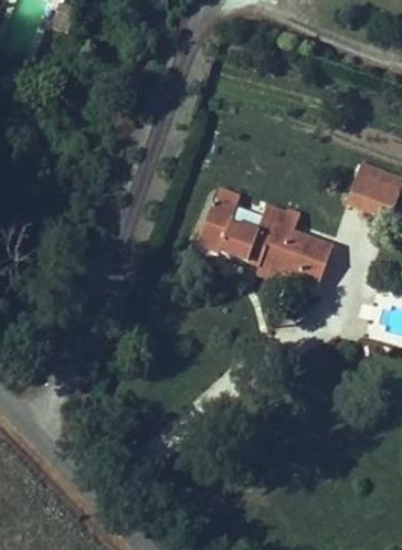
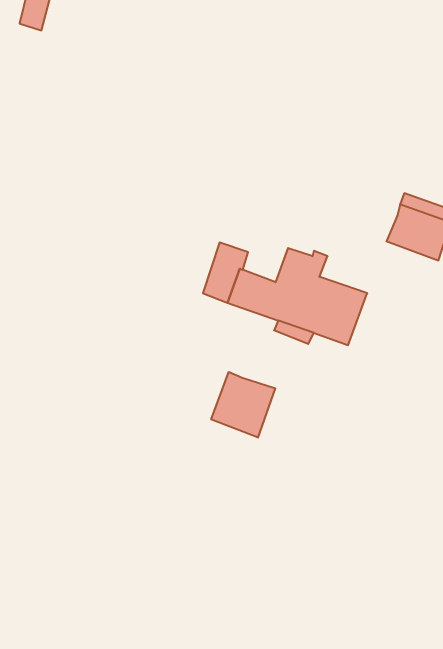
building: none -> [211,372,275,438]

